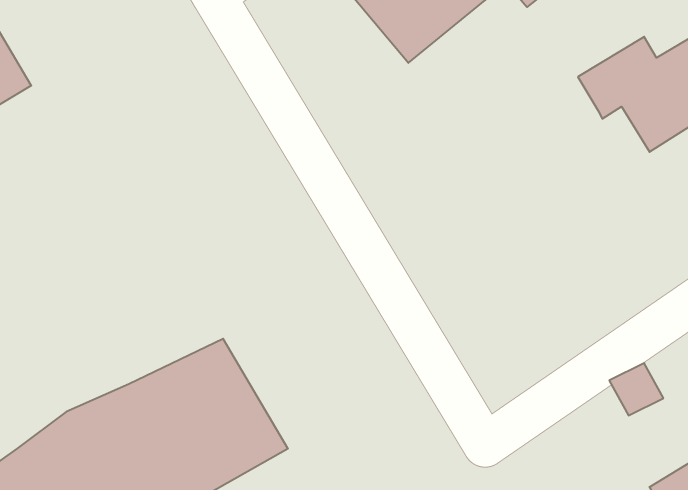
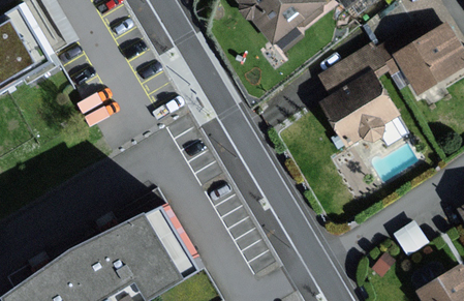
building: none -> [319,43,397,145]

